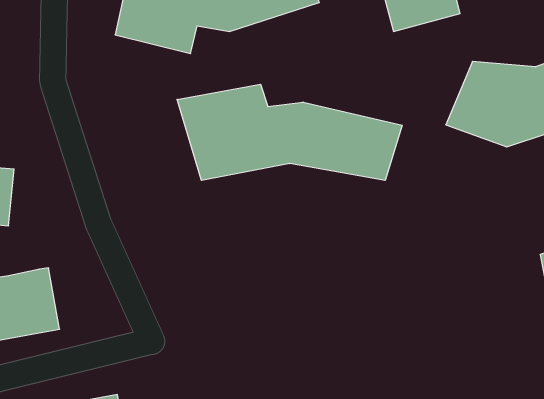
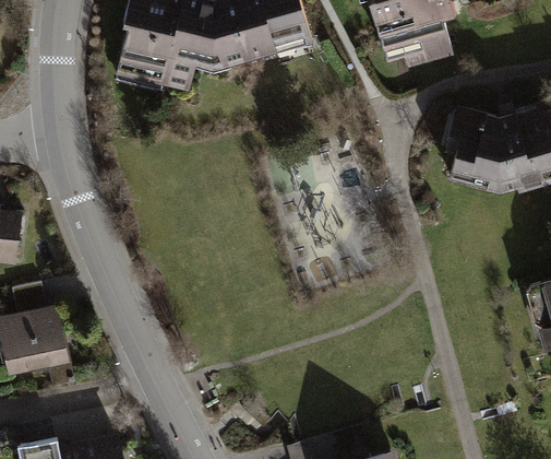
building: [177,84,402,180] -> none

